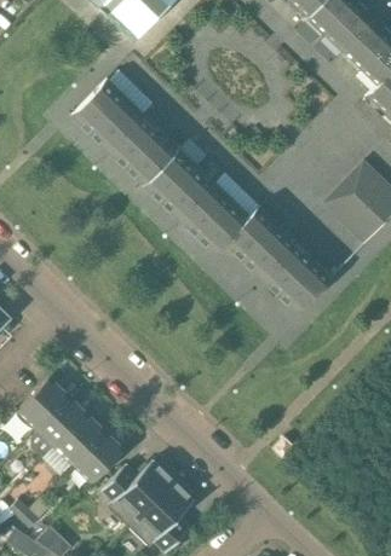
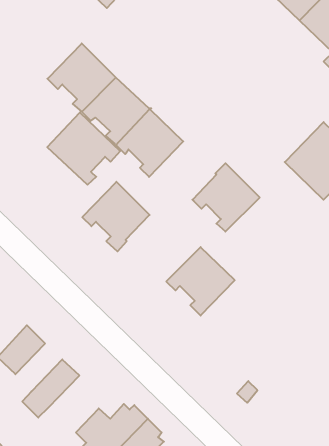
building: none -> [47,112,120,185]
building: [179,181,251,255] -> [82,182,150,251]
building: [260,241,333,313] -> [166,247,235,316]
building: [31,395,87,452] -> none
building: [73,429,125,481] -> none

